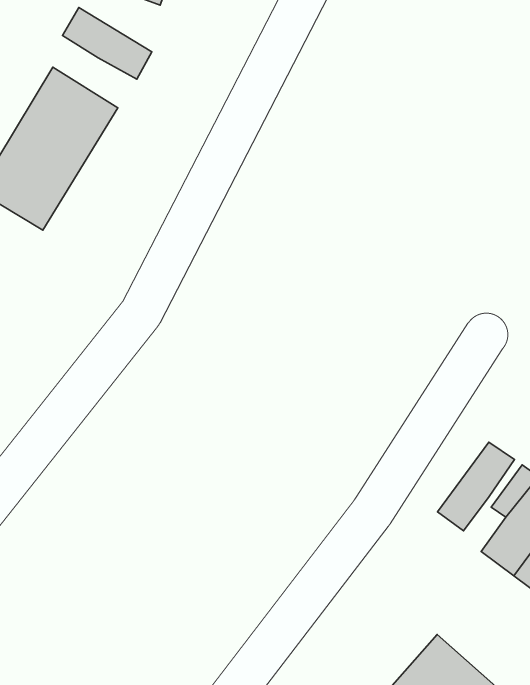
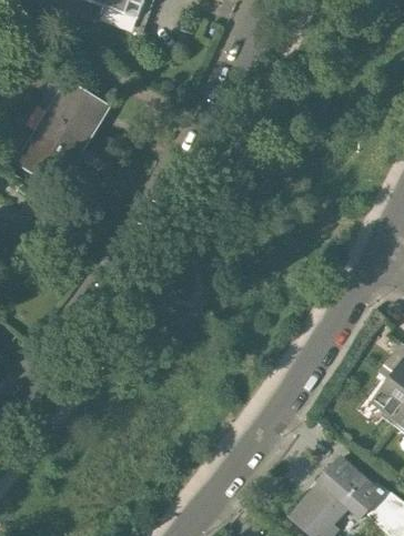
building: [62,8,152,79] -> none
building: [437,442,515,531] -> none

